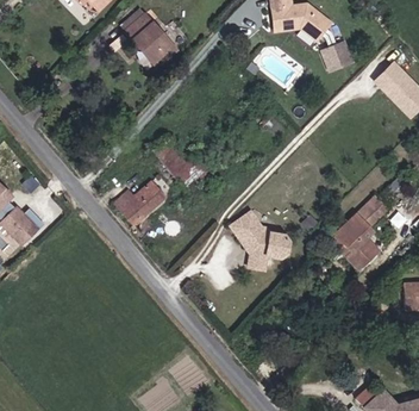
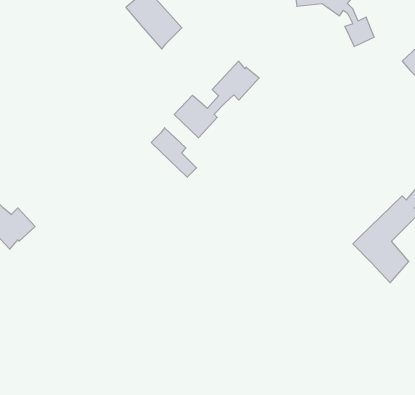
building: none -> [174,61,259,138]
building: [118,189,165,223] -> none
building: [223,207,290,269] -> none

